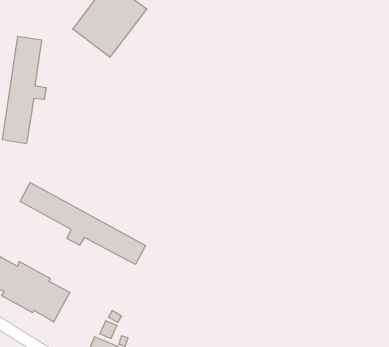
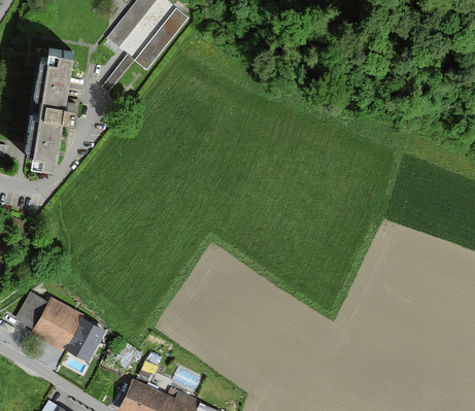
building: [20,183,145,264] -> none

